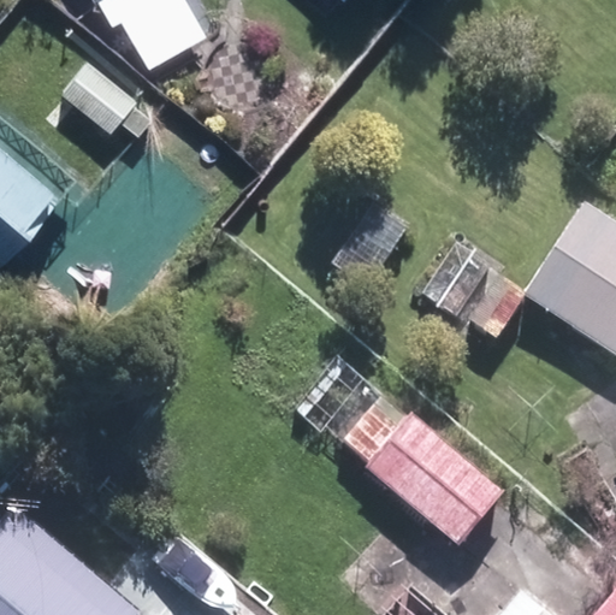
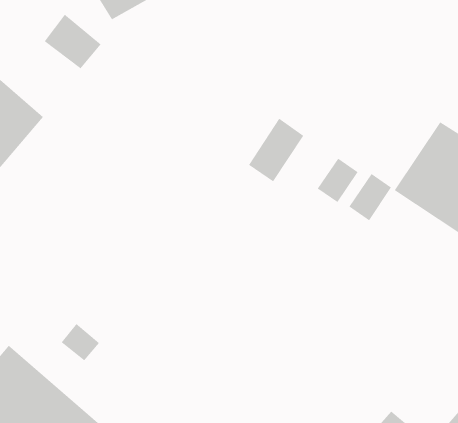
building: [365,410,505,545] -> none

